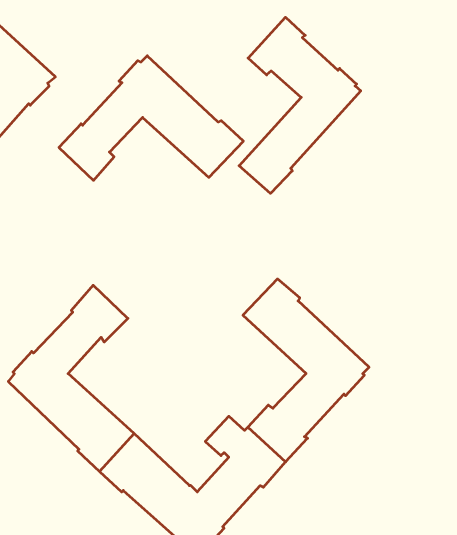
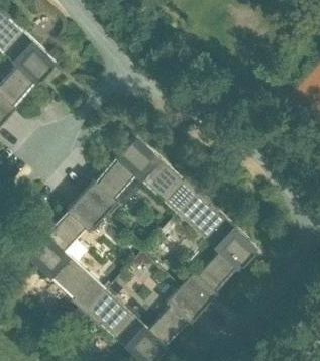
building: [239,17,361,193] -> none
building: [59,56,243,180] -> [81,136,199,216]

